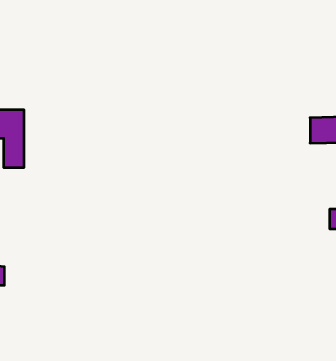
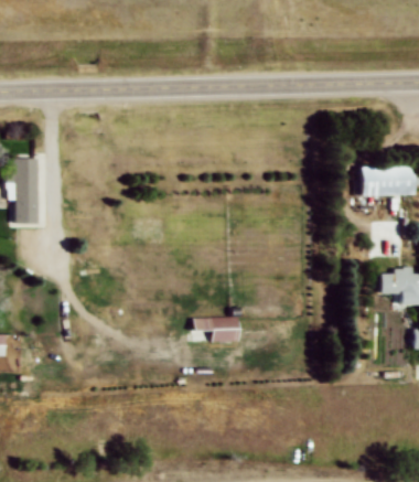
building: none -> [192,319,237,343]

